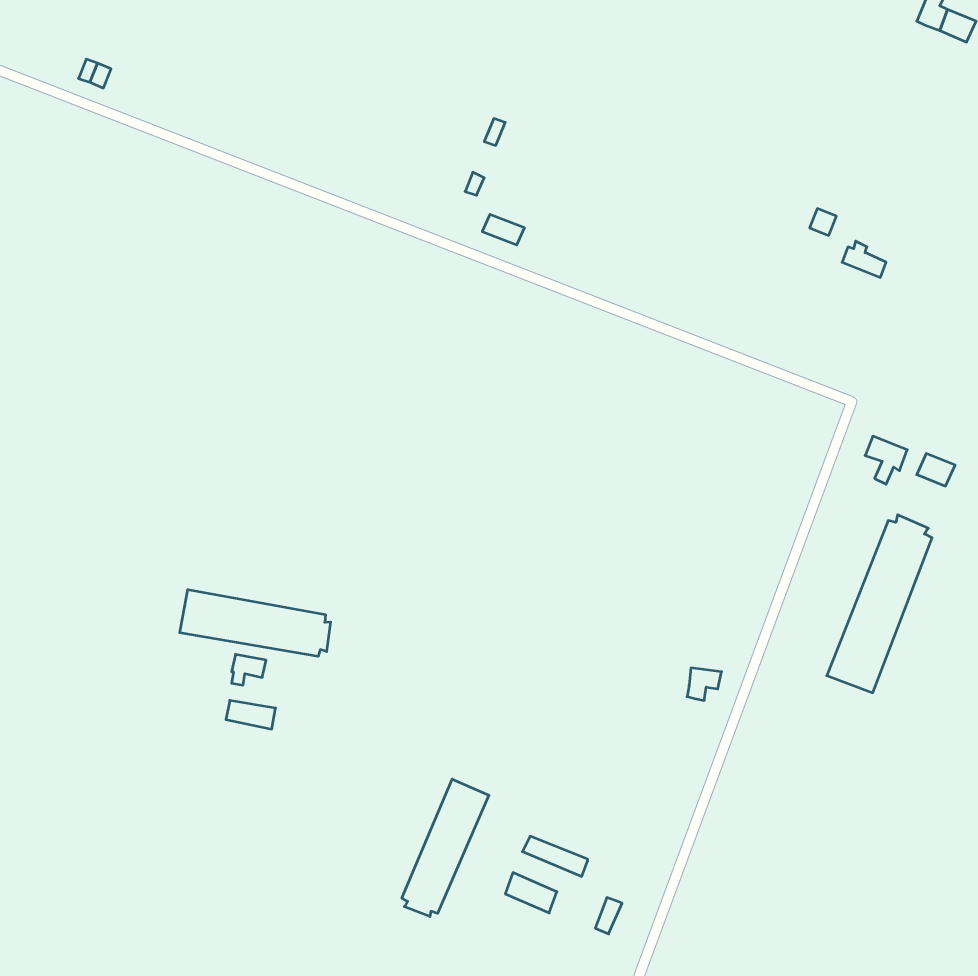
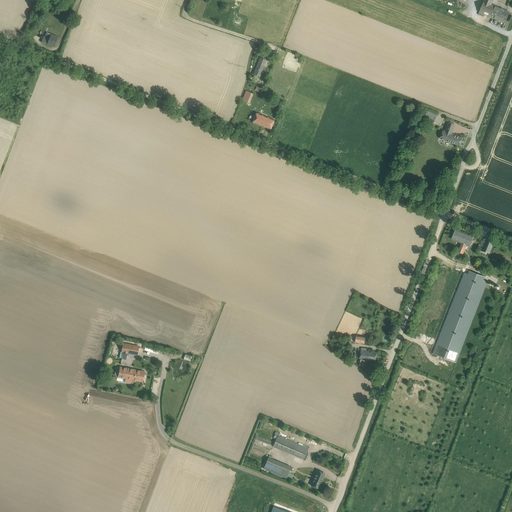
building: [180,590,331,656] -> none
building: [402,779,489,917] -> none

